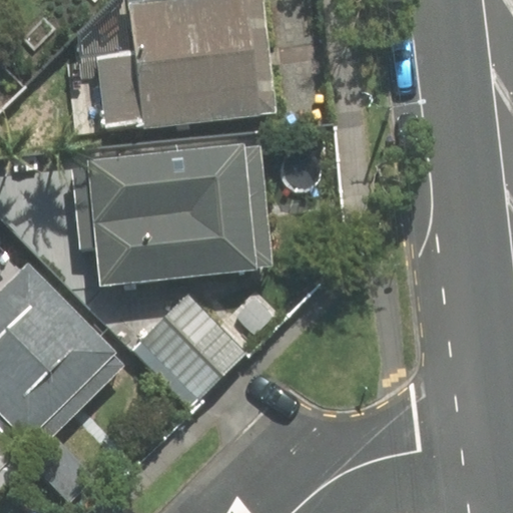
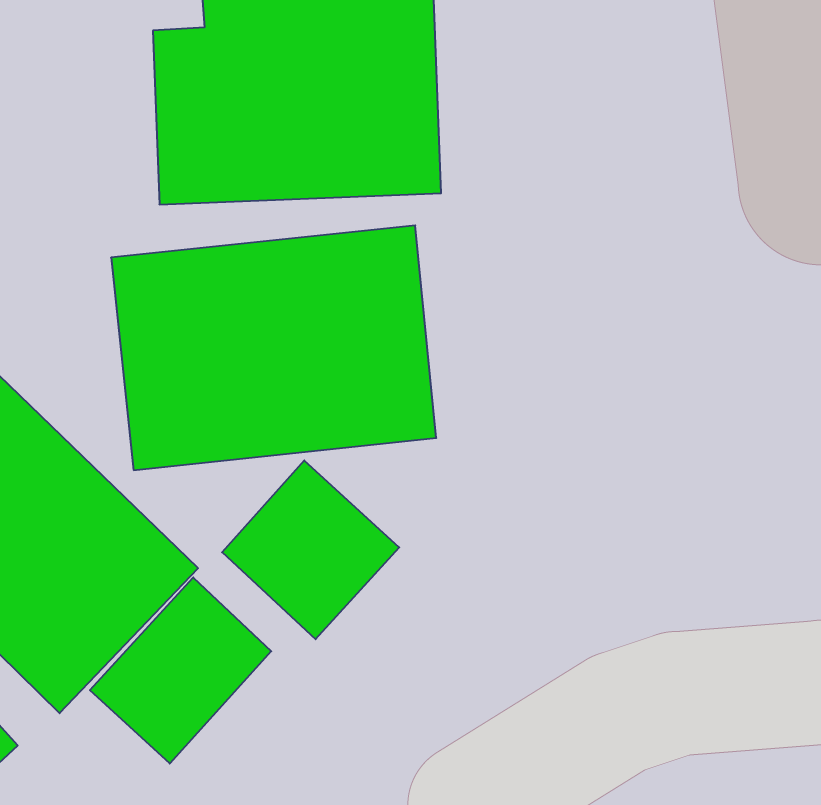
building: none -> [90,577,271,764]

